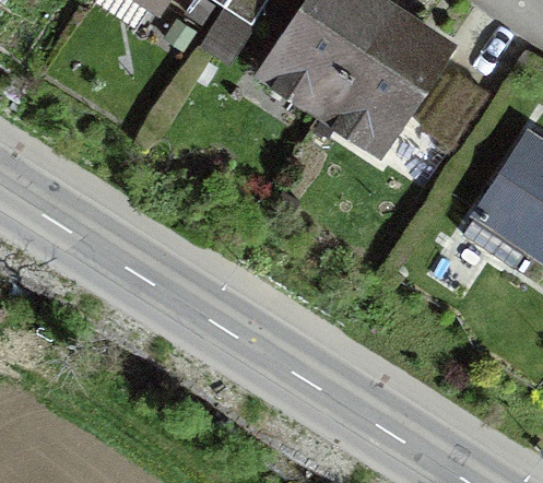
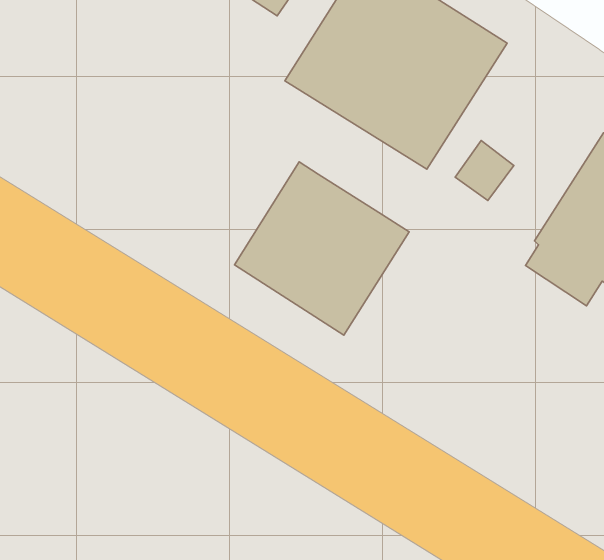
building: none -> [235,162,409,335]

